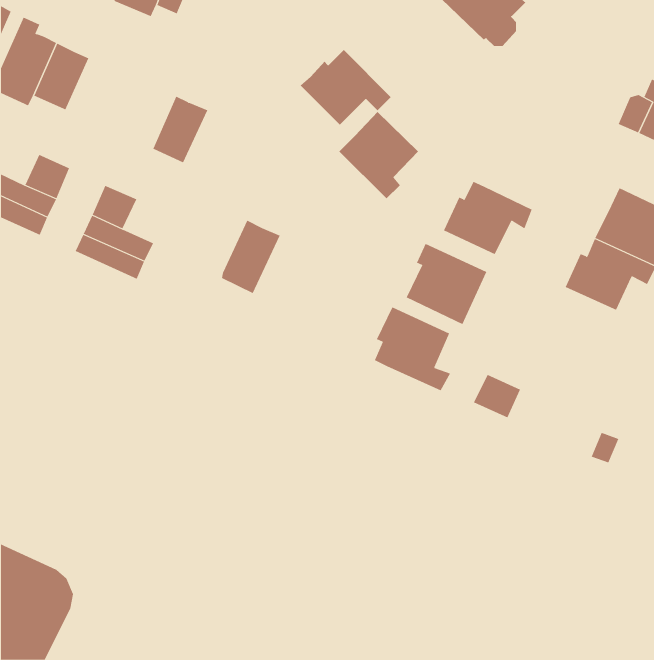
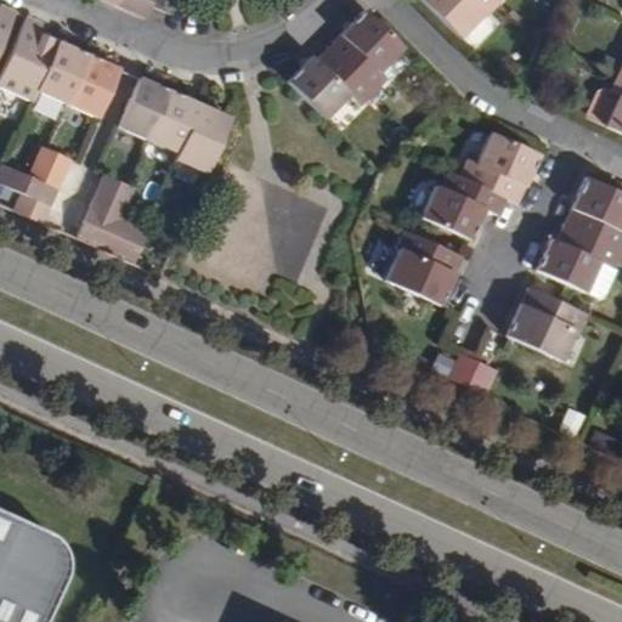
building: none -> [68,55,119,117]
building: none -> [119,77,171,140]
building: [339,111,419,199] -> [329,9,405,91]
building: none -> [462,131,539,202]
building: [221,220,280,294] -> [177,103,233,173]
building: none -> [507,287,588,361]
building: [374,306,451,391] -> none

